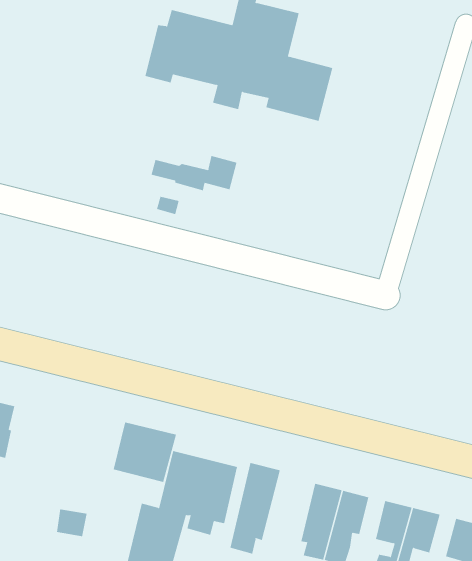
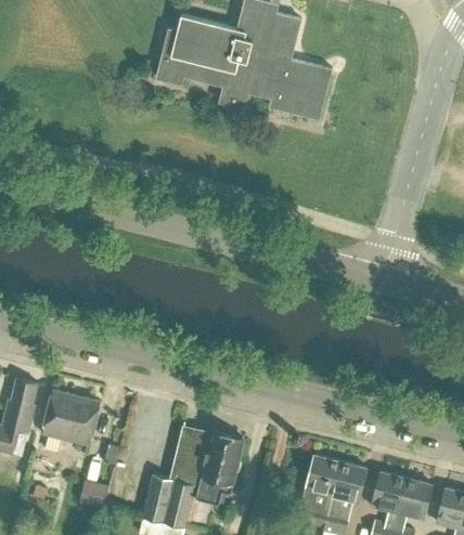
building: [151,155,237,191] -> none
building: [113,422,177,482] -> [41,390,101,446]
building: [230,462,281,555] -> none

